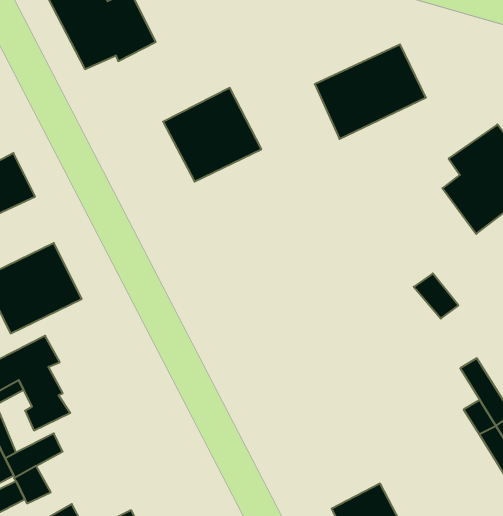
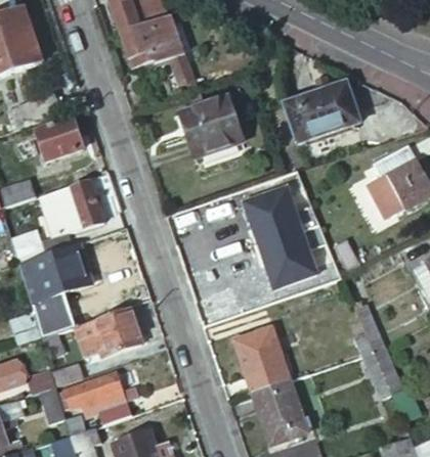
building: none -> [244,181,319,288]
building: none -> [235,327,289,392]
building: none -> [75,307,142,358]

